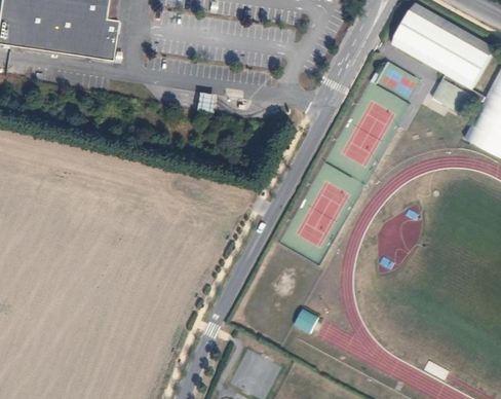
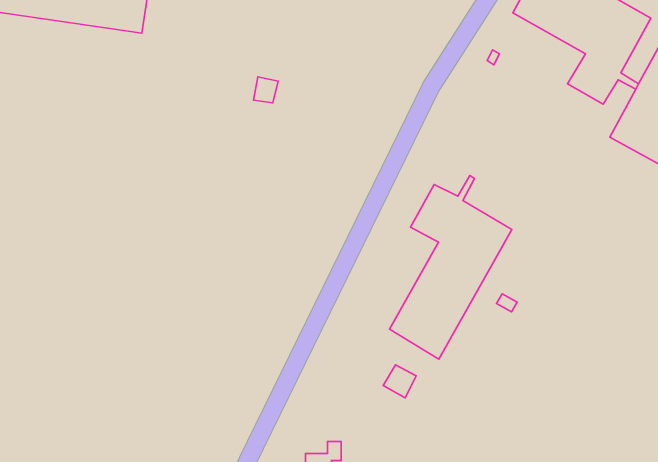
building: none -> [389,175,512,359]

